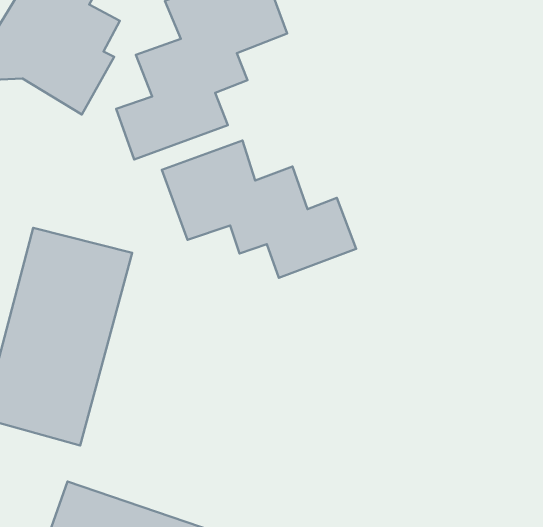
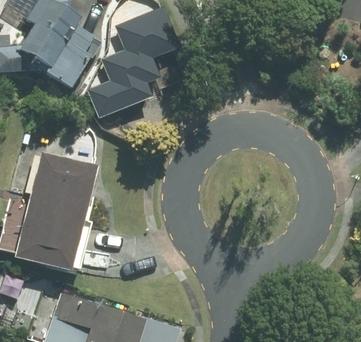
building: [162,140,356,278] -> none

